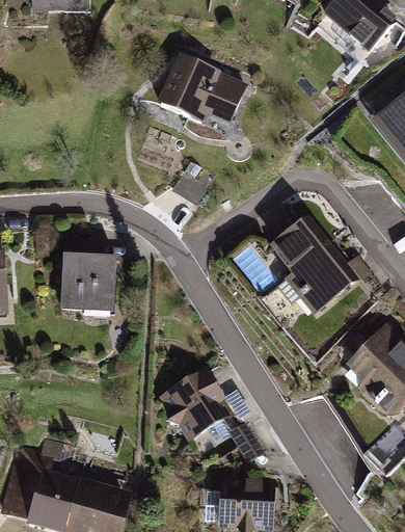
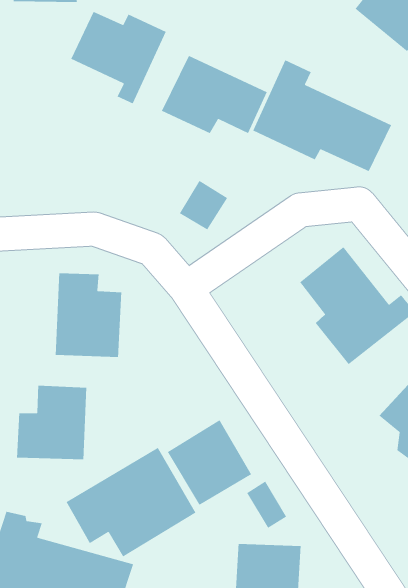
building: none -> [70,11,167,104]
building: none -> [252,59,392,172]
building: none -> [16,385,87,460]
building: none -> [65,447,196,557]

